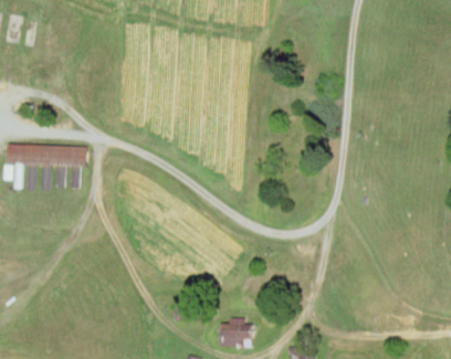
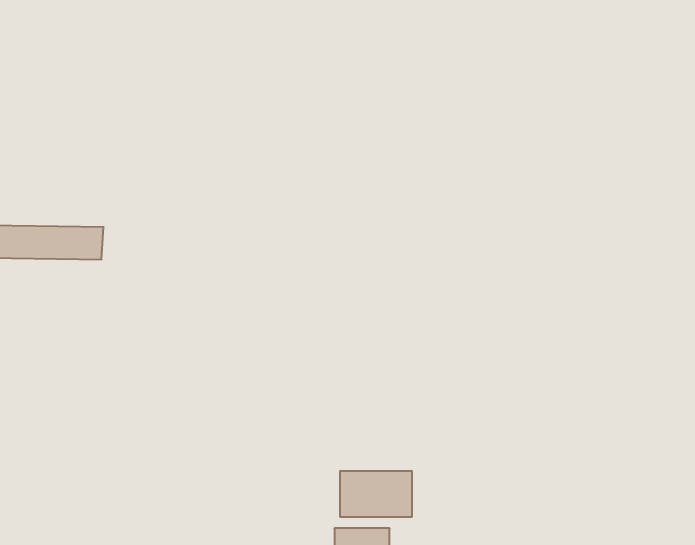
building: none -> [340,471,412,517]

